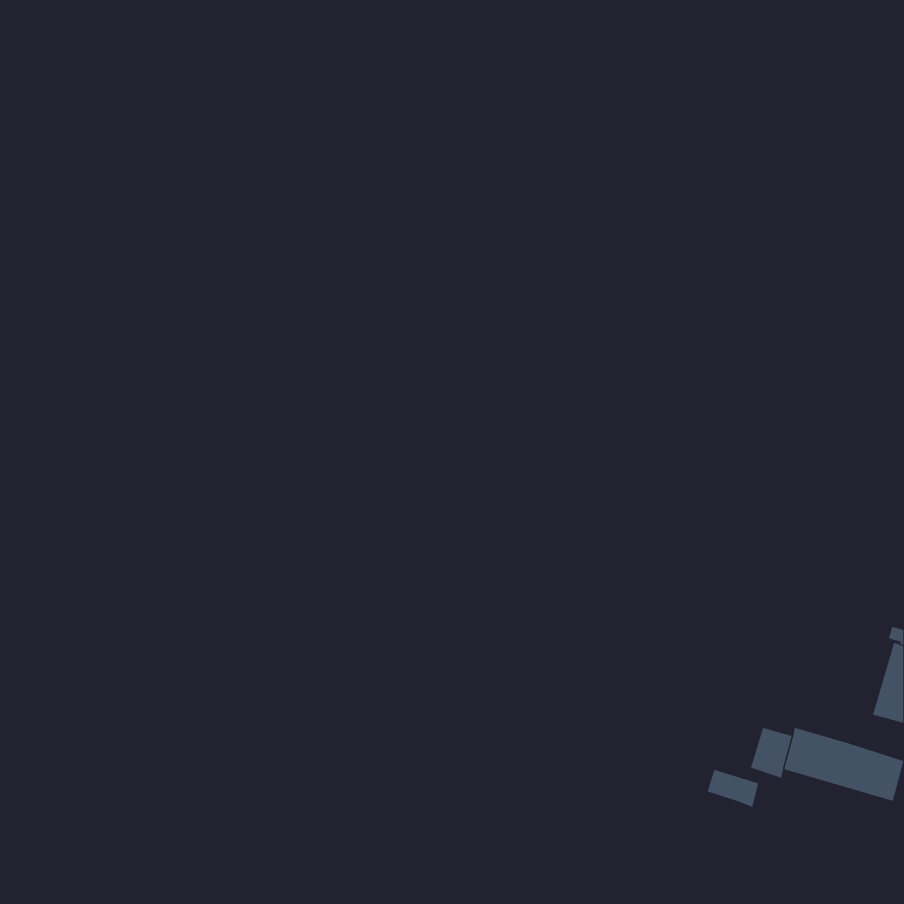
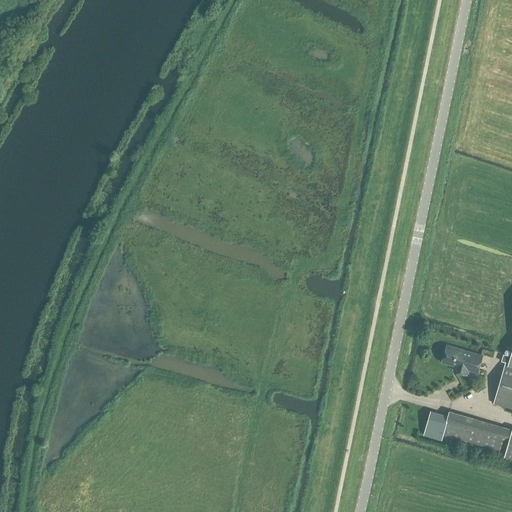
building: none -> [442,346,481,374]
building: [707,769,759,808] -> none

